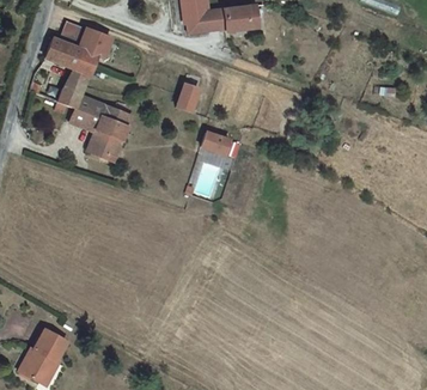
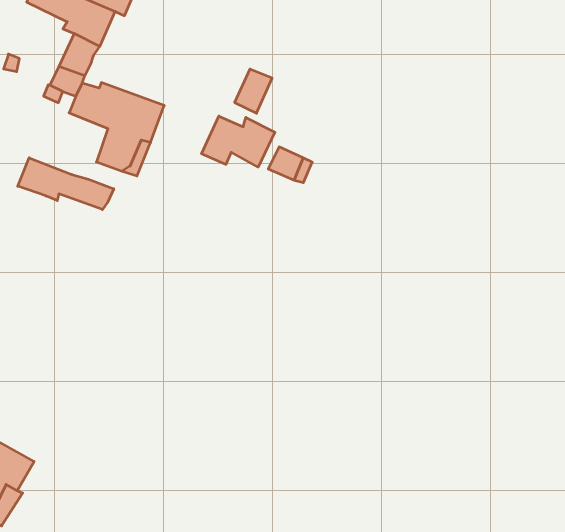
building: none -> [202,116,275,167]
building: none -> [18,158,114,210]

